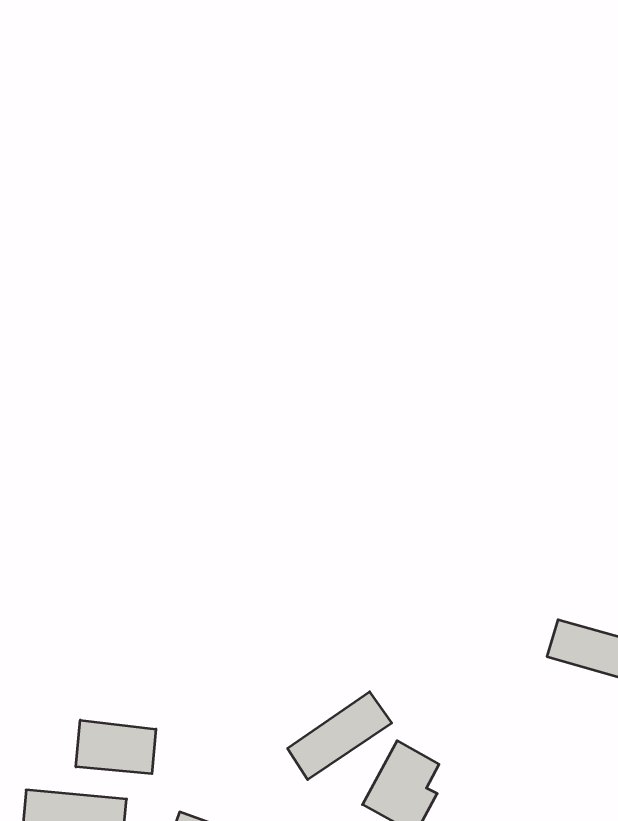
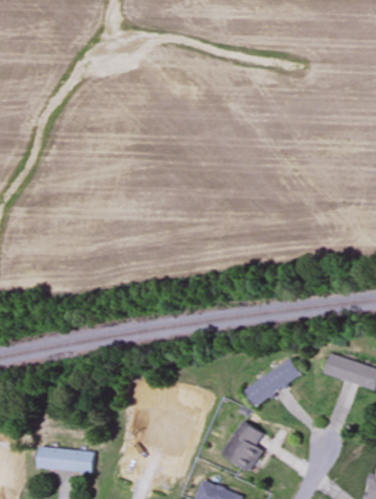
building: [288,692,392,780] -> [244,358,301,406]
building: [76,720,156,774] -> none

